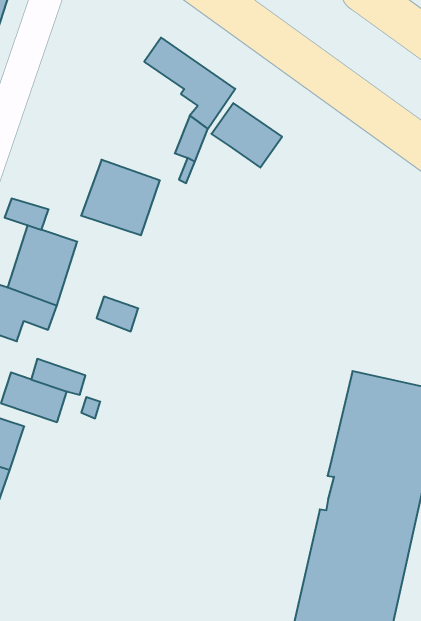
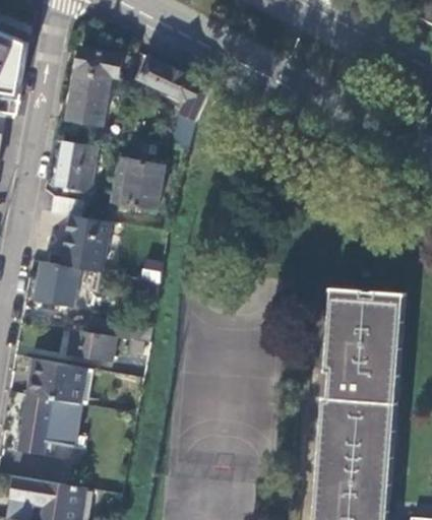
building: none -> [65,47,121,126]
building: [211,103,282,168] -> none
building: none -> [54,142,95,190]

